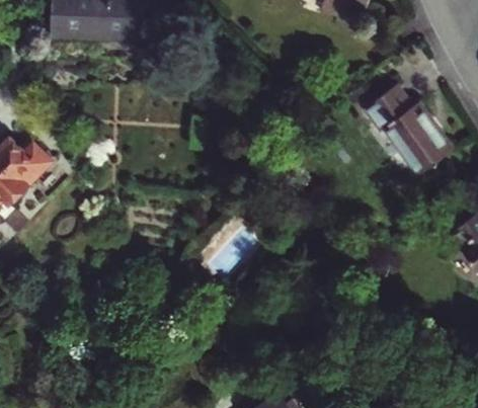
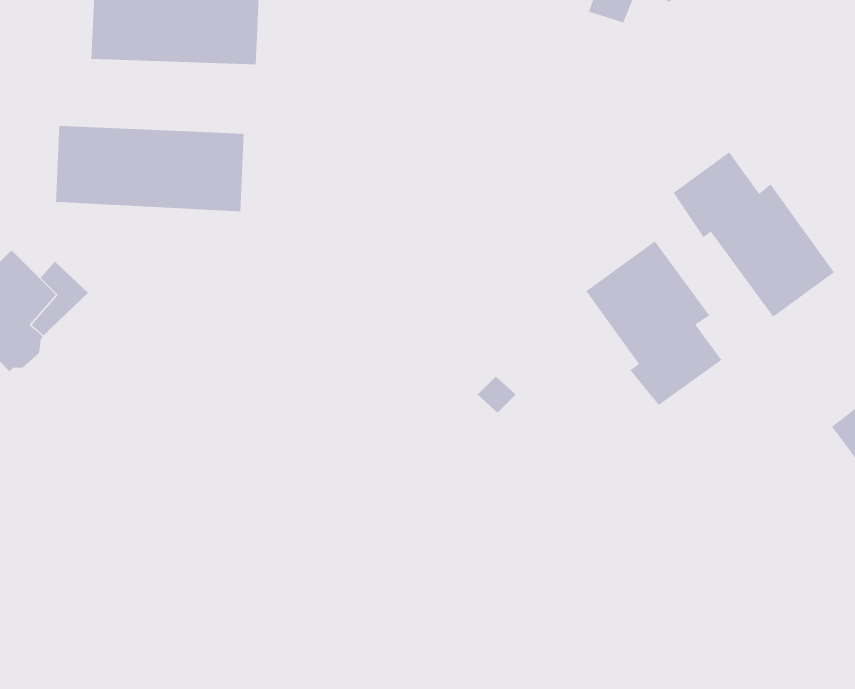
building: none -> [55,125,244,212]
building: none -> [586,240,722,406]

